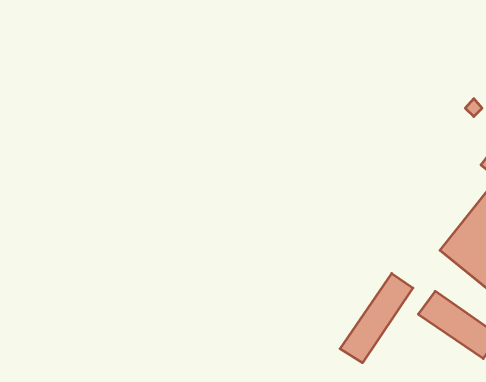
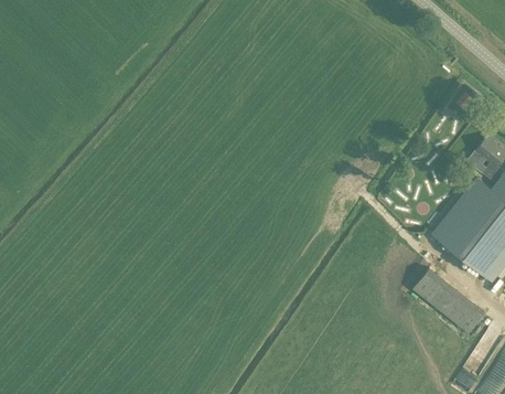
building: [340,273,413,363] -> none

